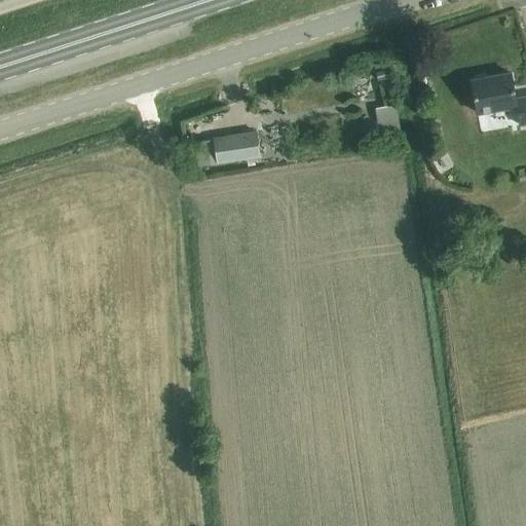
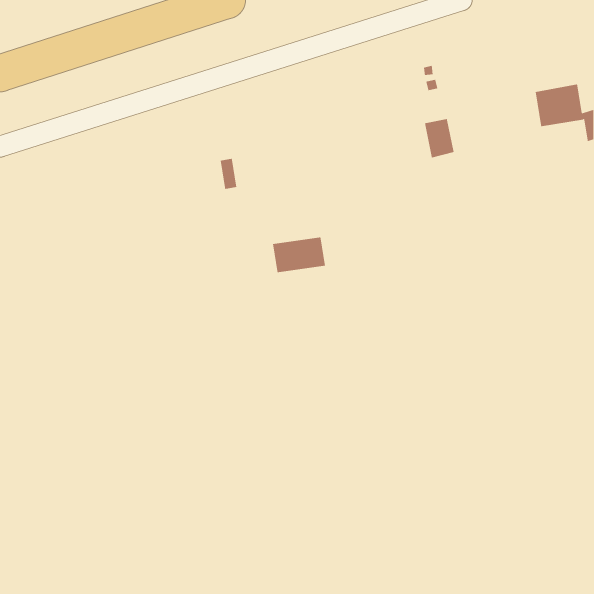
building: [213,132,260,163] -> [272,237,326,273]

